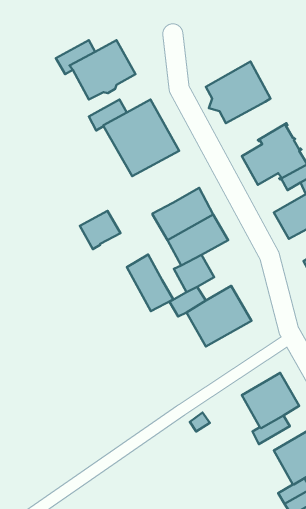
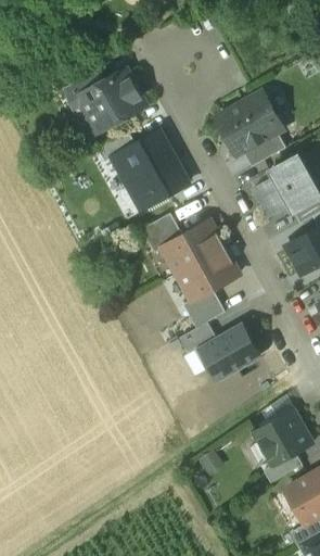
building: none -> [243,132,285,166]
building: [80,211,120,249] -> [141,213,182,252]
building: [127,255,173,311] -> none

